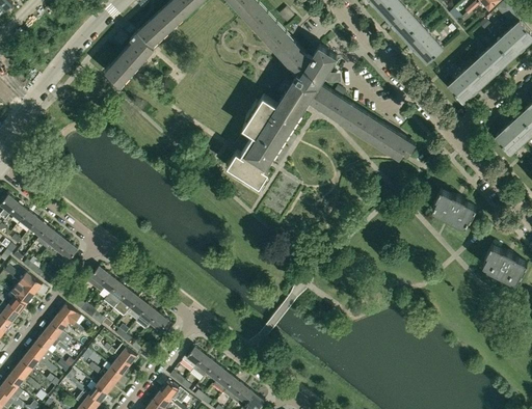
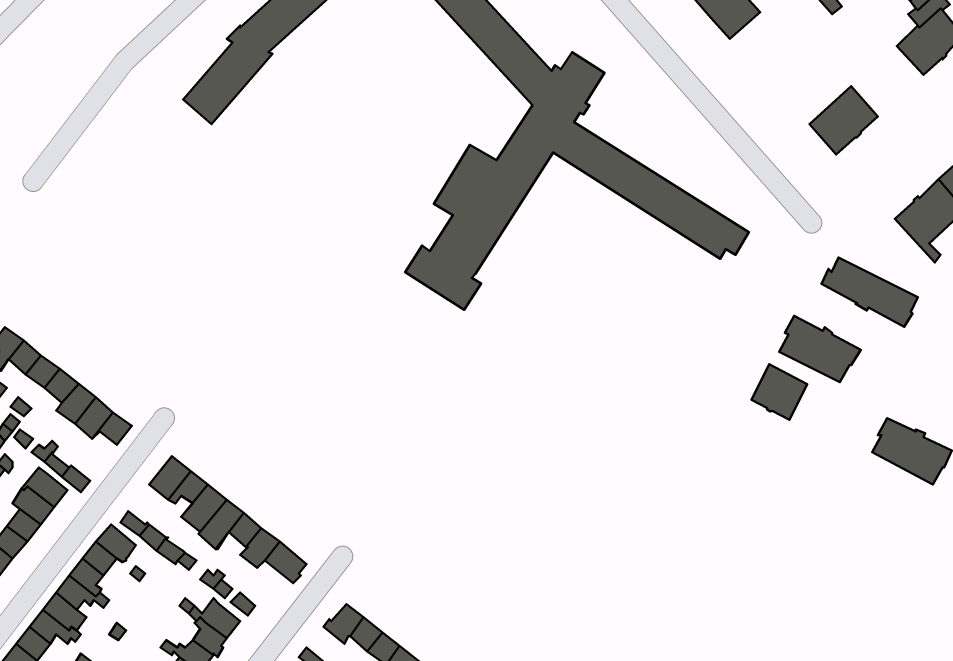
building: [404,24,443,62] -> none
building: [471,43,510,81] -> none
building: none -> [821,257,918,327]
building: none -> [751,364,807,420]

